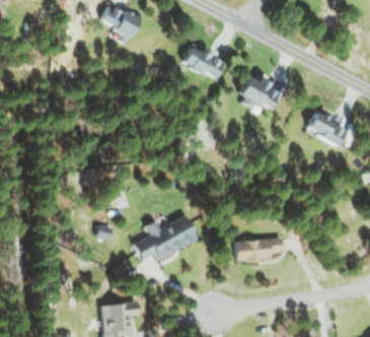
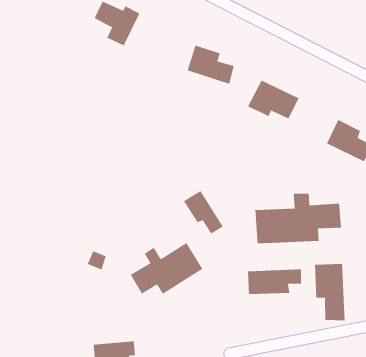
building: none -> [183,190,224,234]
building: none -> [255,193,341,244]
building: none -> [314,263,345,321]

